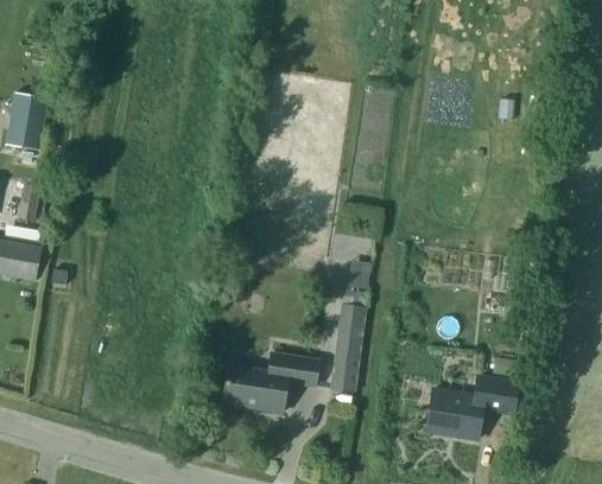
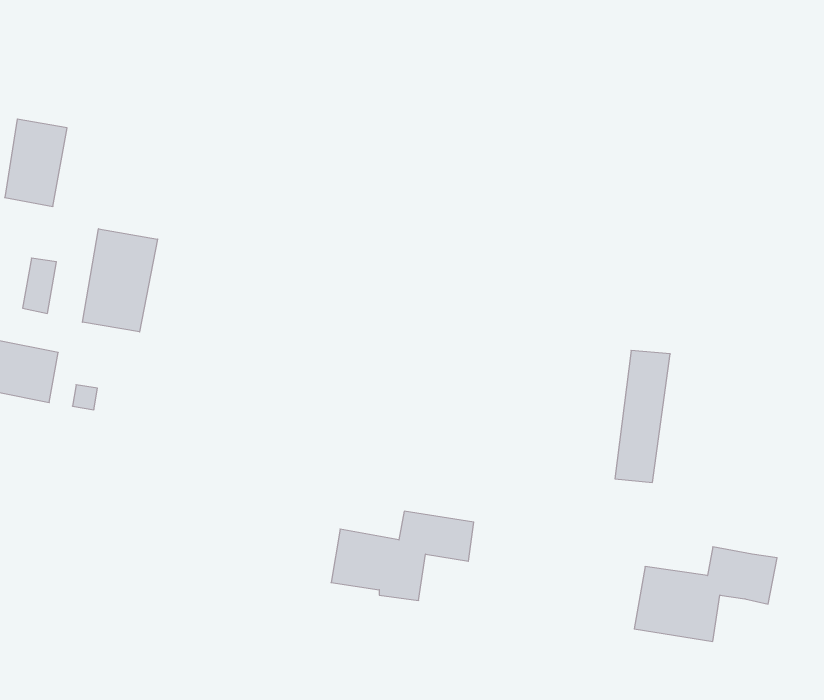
building: none -> [82,229,158,332]
building: [330,304,367,391] -> [615,350,670,482]

